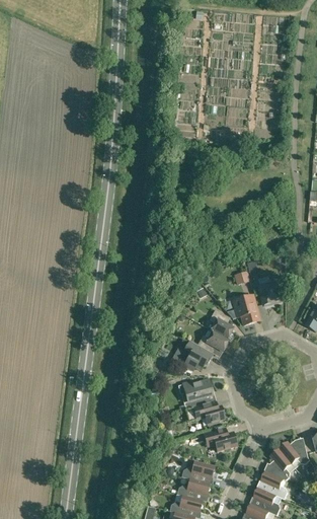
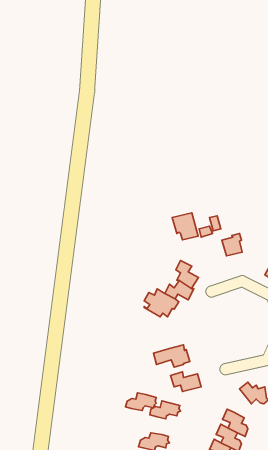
building: [231,294,259,323] -> [172,213,198,240]
building: [181,378,212,409] -> none
building: [269,447,291,479] -> none
building: [175,477,209,497] -> [125,393,156,411]

